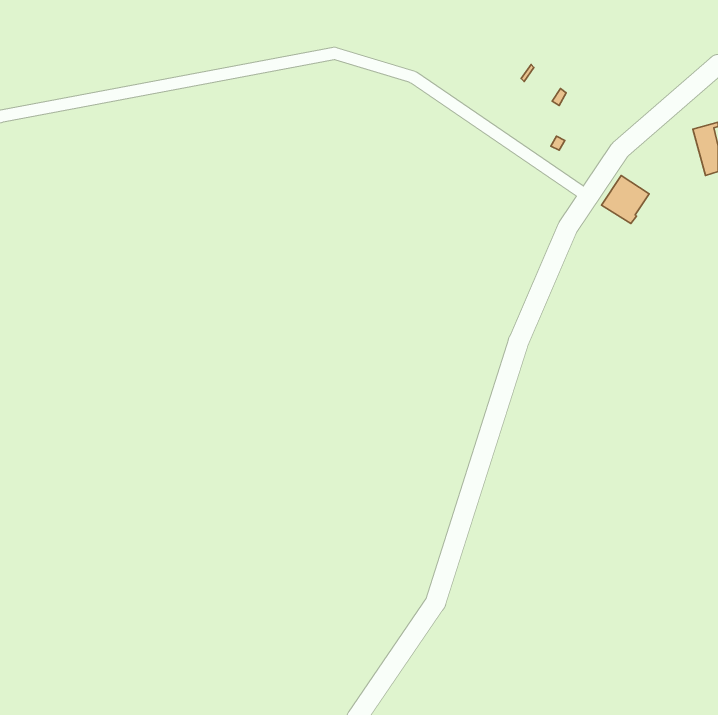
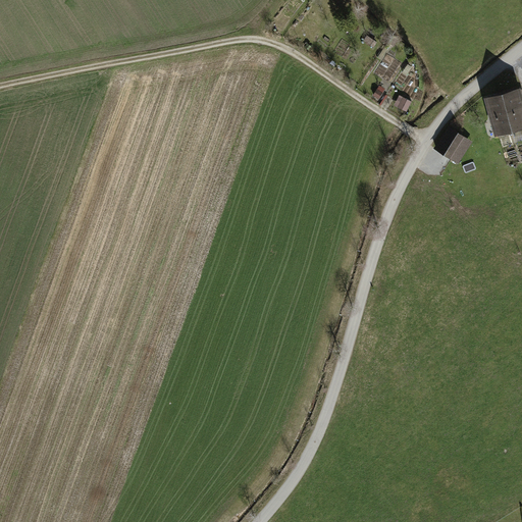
building: none -> [486,96,512,134]

